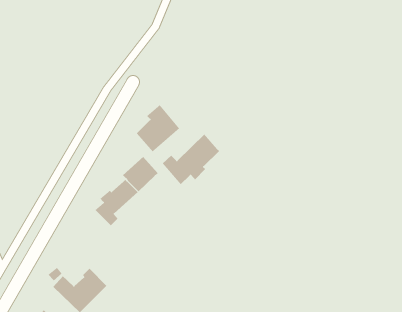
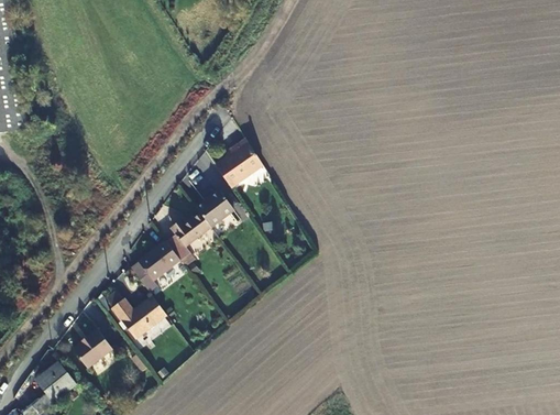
building: [162,134,220,185] -> none
building: none -> [127,238,179,290]

